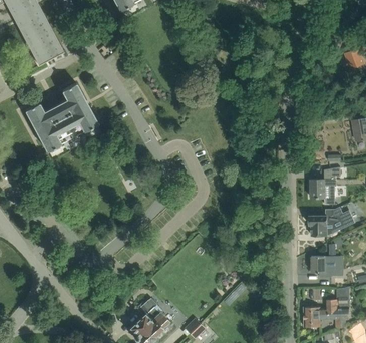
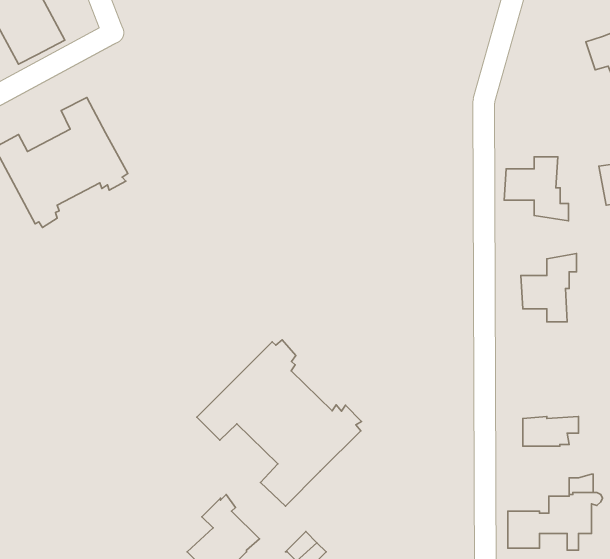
building: none -> [504,157,569,221]
building: [309,207,351,236] -> none
building: none -> [197,340,361,506]

